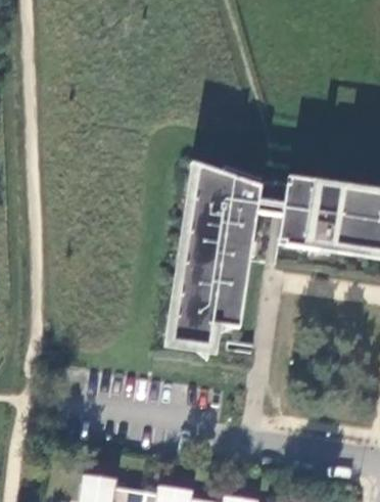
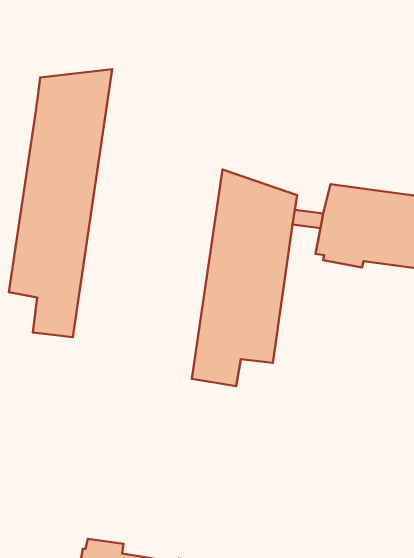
building: none -> [9,69,112,337]

